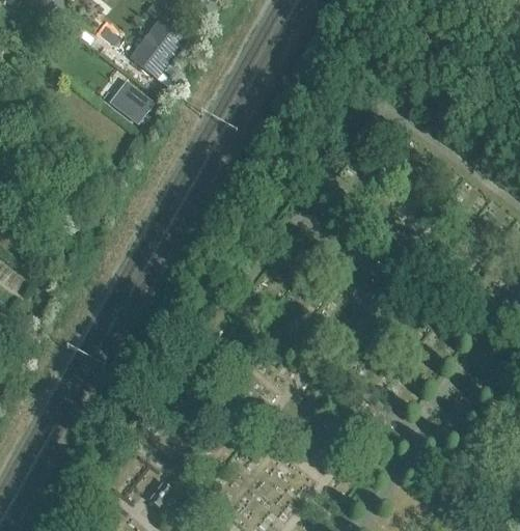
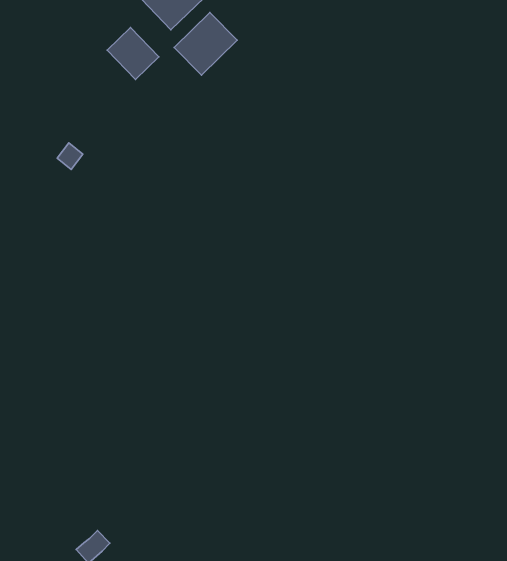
building: none -> [174,13,237,75]

